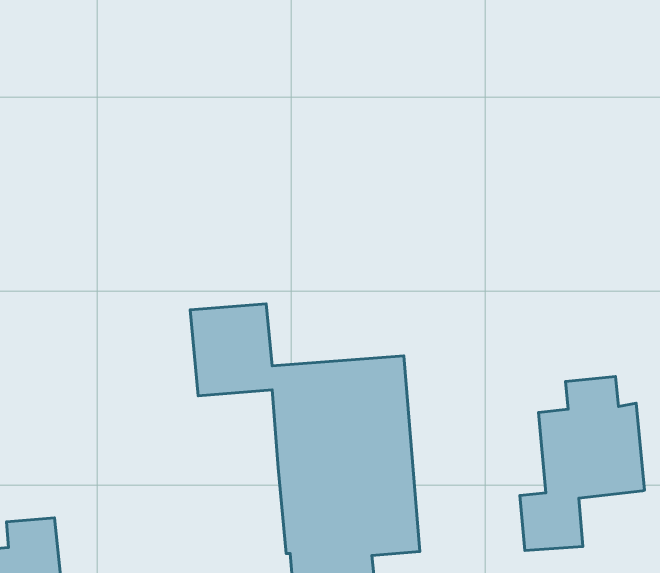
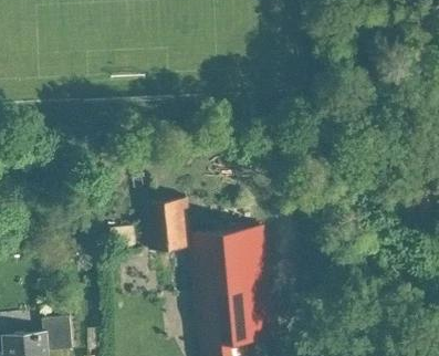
building: [520,377,645,551] -> none

